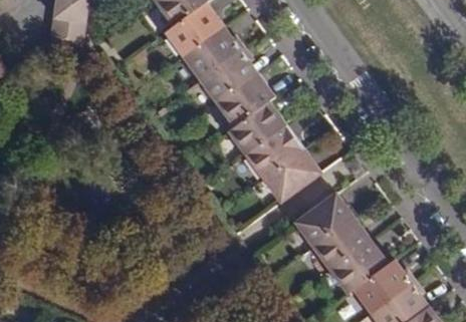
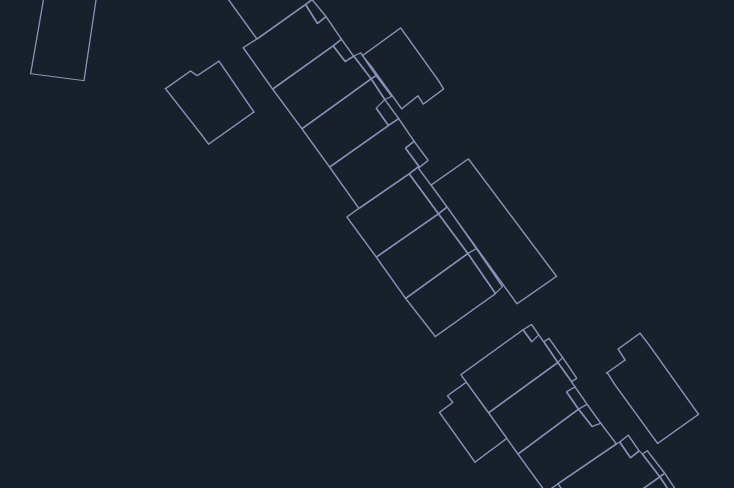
building: none -> [362,28,444,109]
building: none -> [165,61,254,144]
building: none -> [431,159,557,304]
building: none -> [606,333,699,443]
building: none -> [440,382,507,462]

